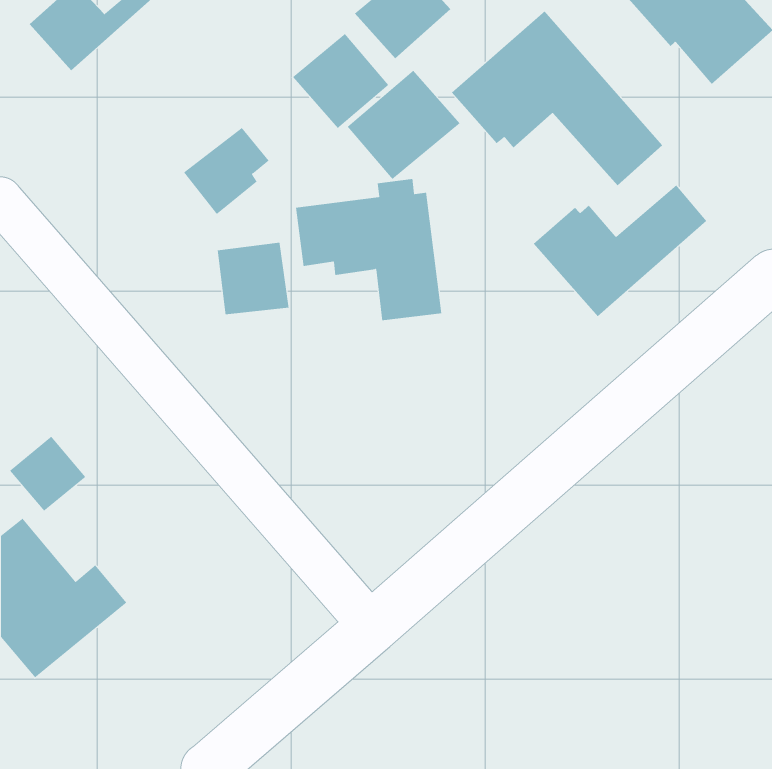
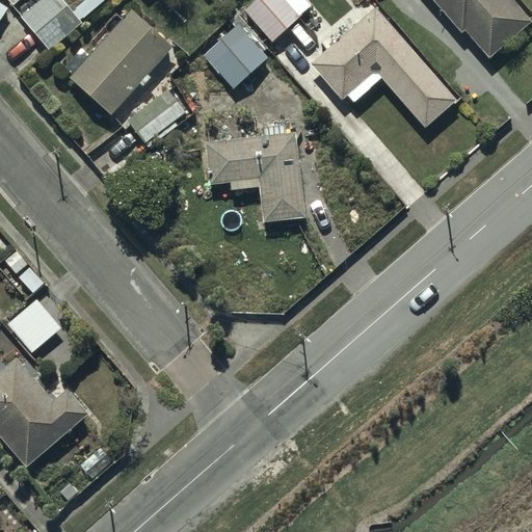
building: none -> [69,9,170,113]
building: [347,70,460,180] -> none
building: [533,184,707,317] -> none
building: [217,242,289,315] -> none

